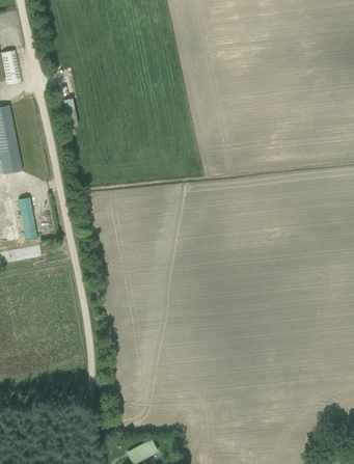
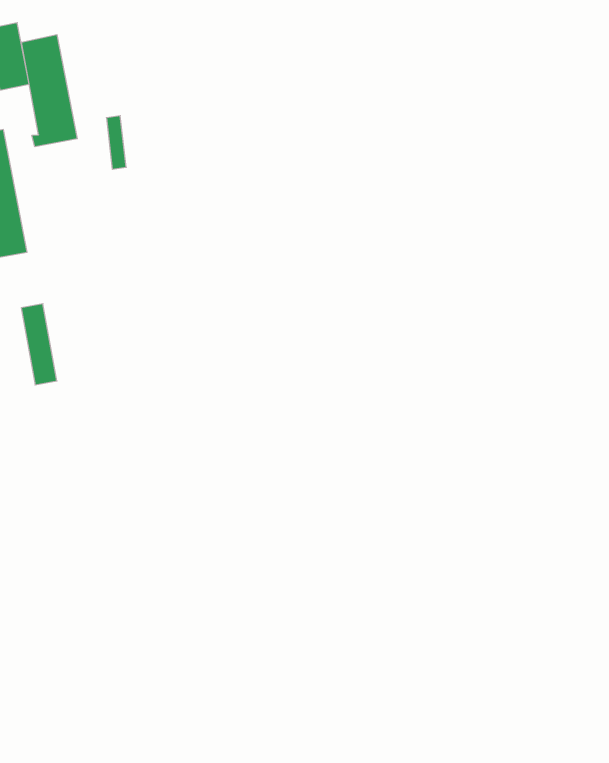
building: none -> [21,35,77,147]

